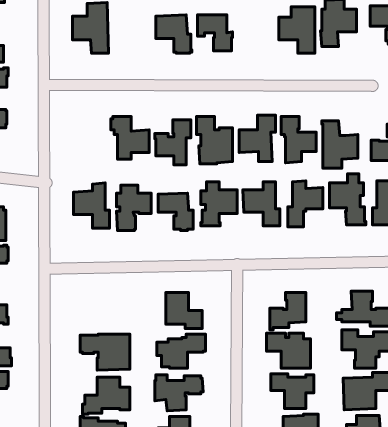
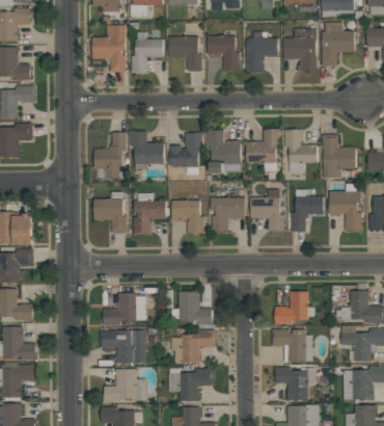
building: none -> [130,32,163,74]
building: none -> [246,32,277,72]
building: none -> [93,132,126,177]
building: none -> [103,293,145,325]

